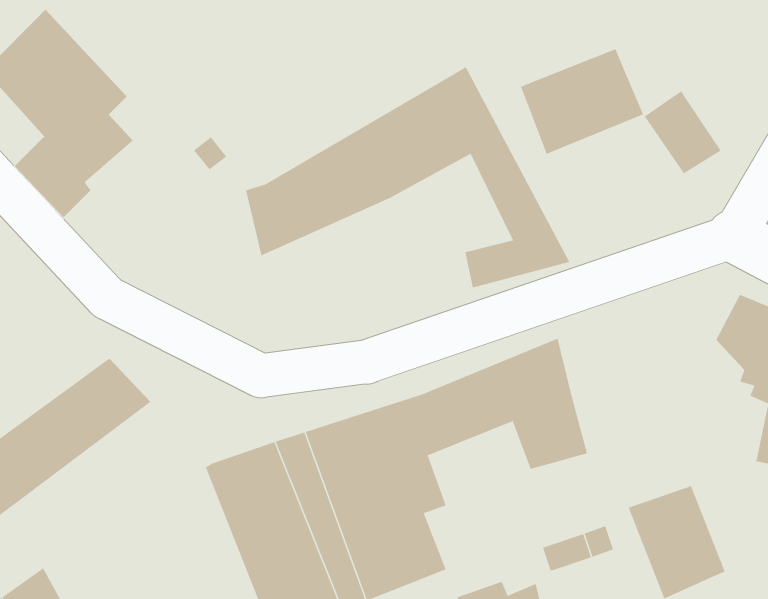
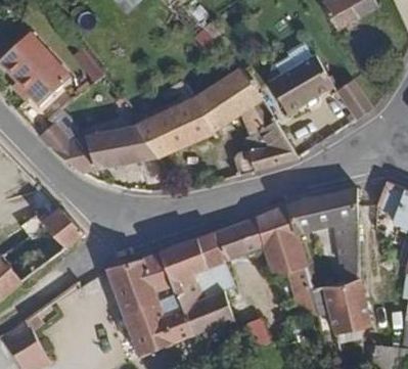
building: none -> [38,126,139,173]
building: none -> [291,186,360,292]

